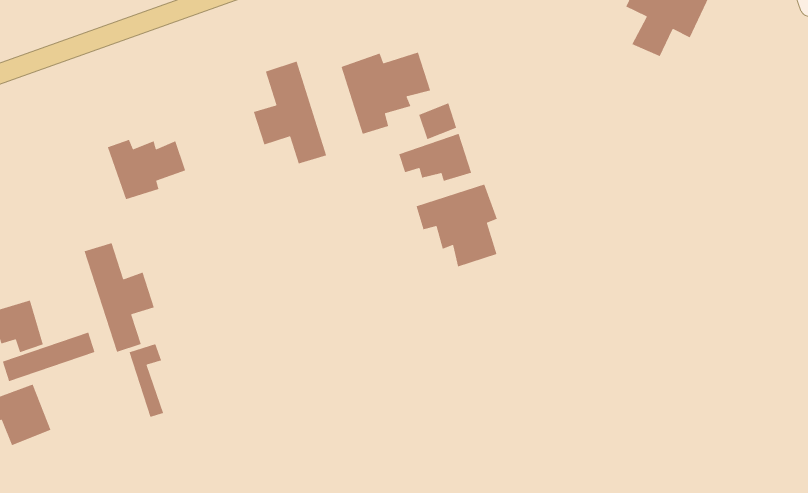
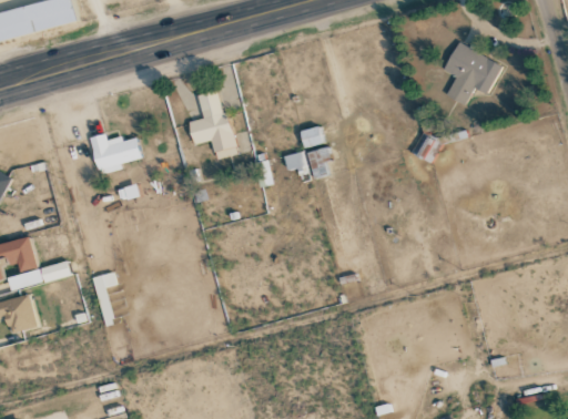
building: [341,52,431,135] -> none
building: [415,184,498,267] -> none
building: [84,242,155,353] -> none

